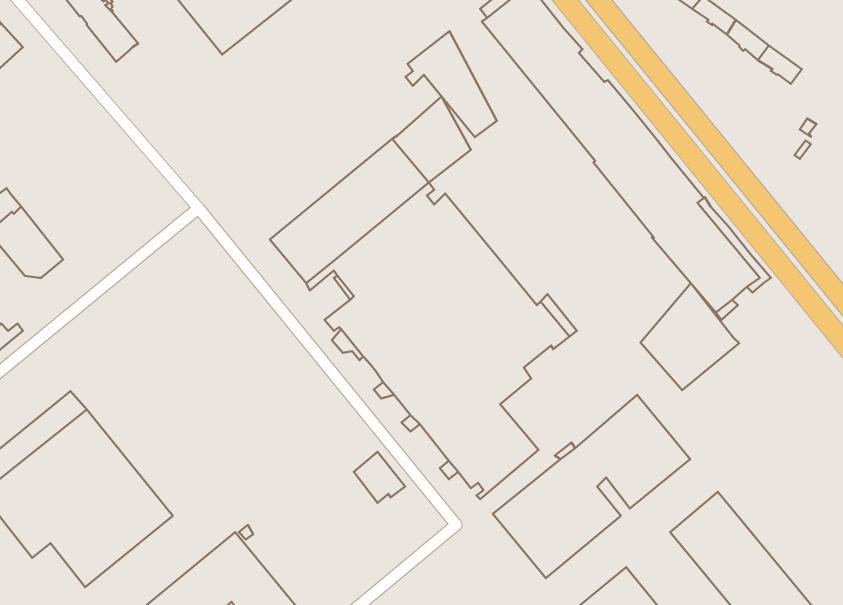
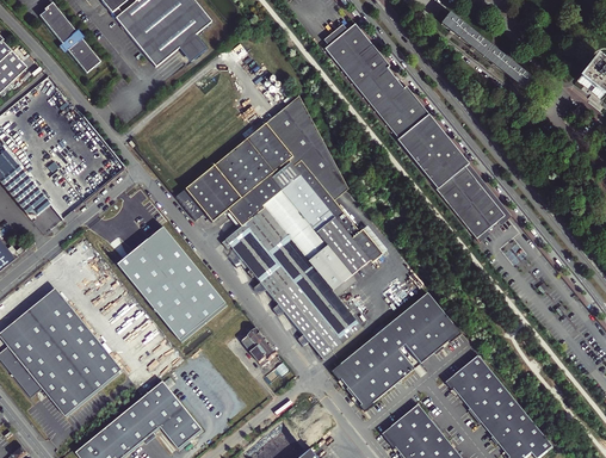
building: [406,31,497,137] -> [287,130,347,199]
building: [640,283,739,390] -> none
building: none -> [118,227,227,340]

